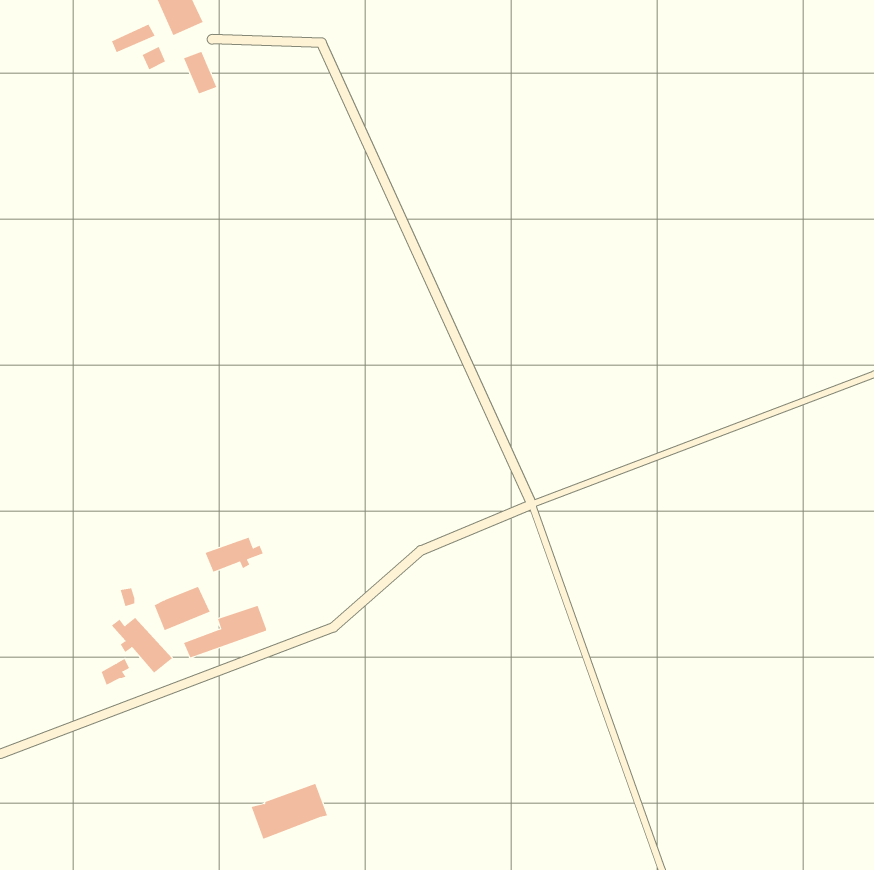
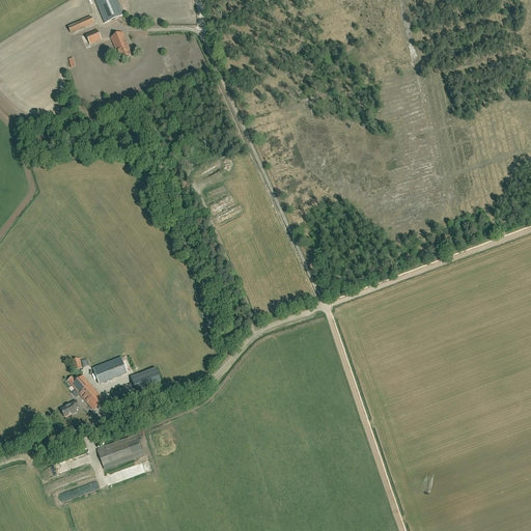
building: [205,537,264,573] -> none
building: [251,783,328,839] -> [96,434,143,468]

